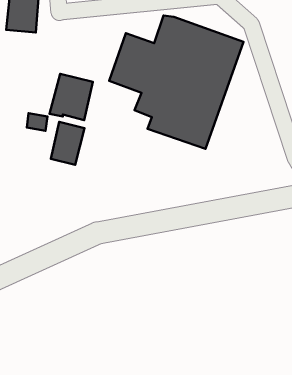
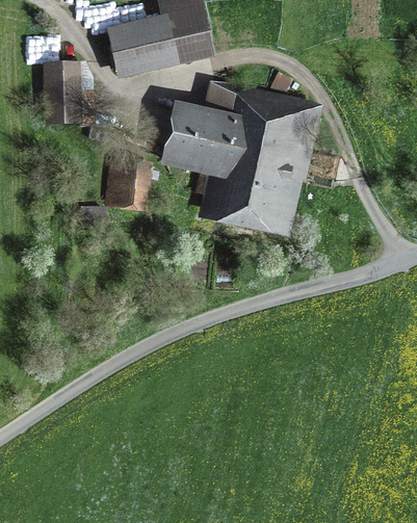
building: [51,122,84,165] -> none

